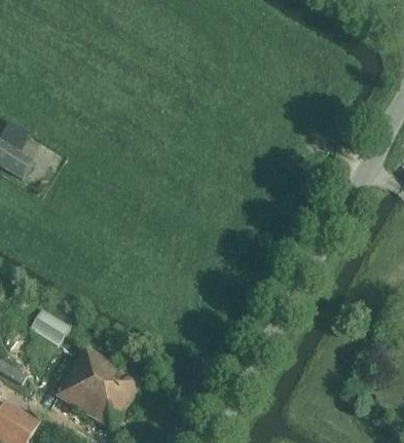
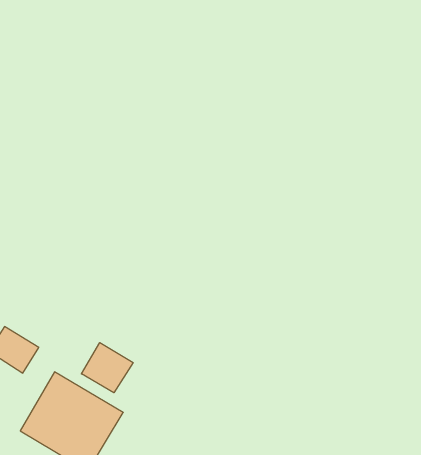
building: none -> [81,343,133,393]

